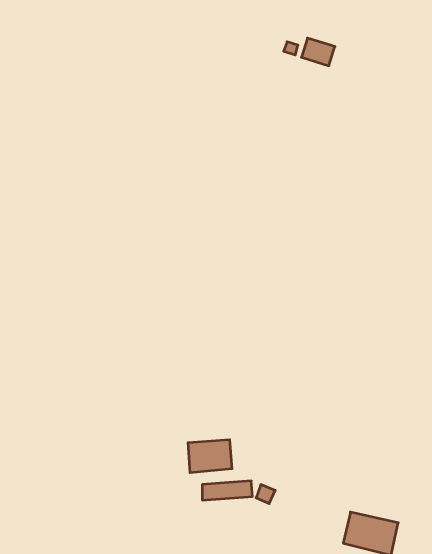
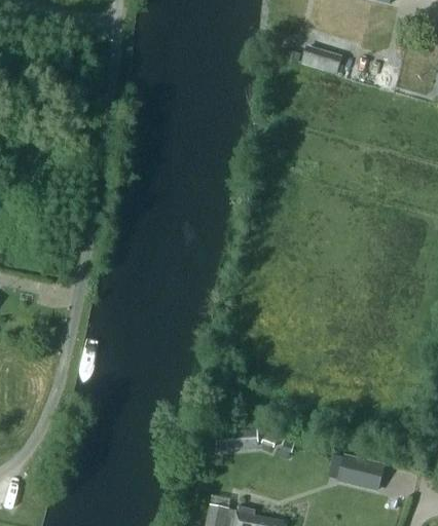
building: [188,440,232,473] -> none

